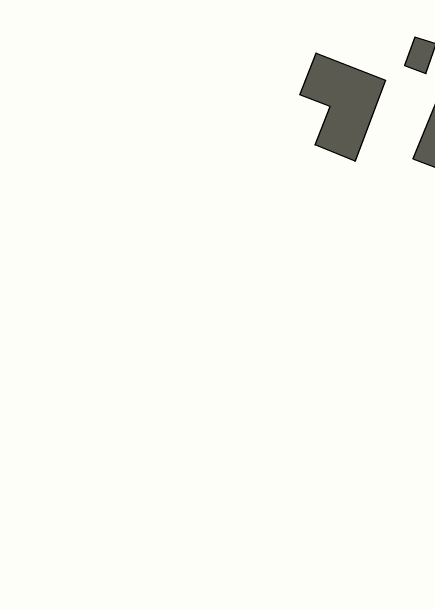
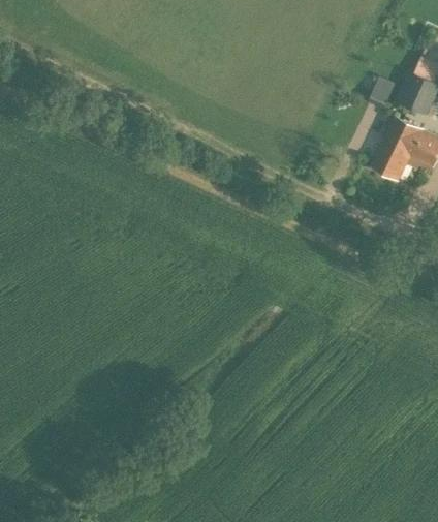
building: [300,53,385,161] -> none

